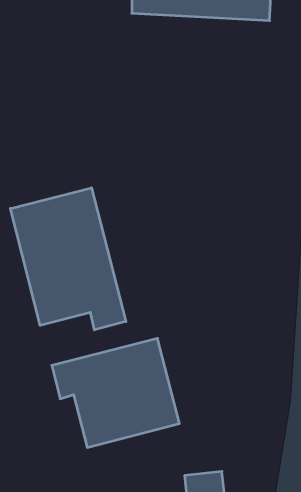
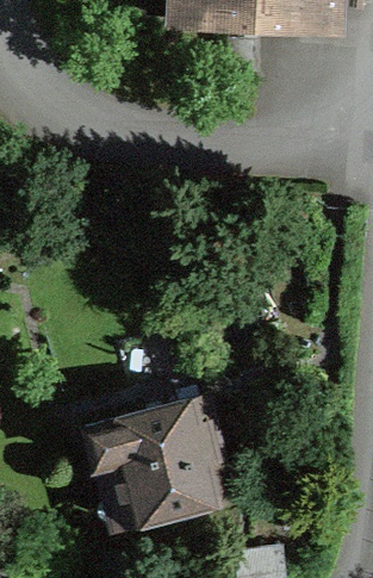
building: [10,188,126,330] -> none

